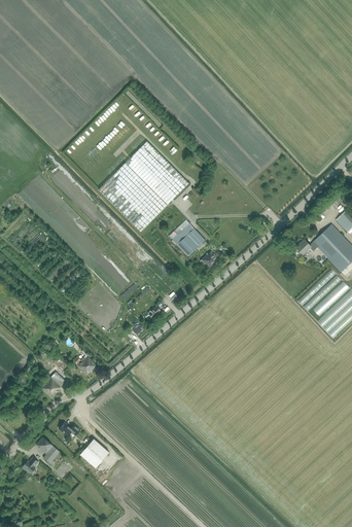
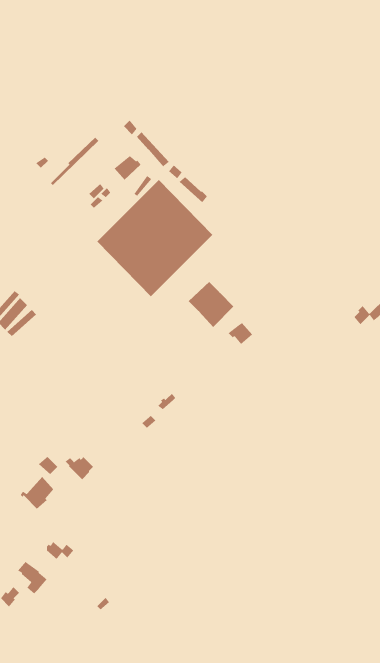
building: [79,438,108,467] -> none

